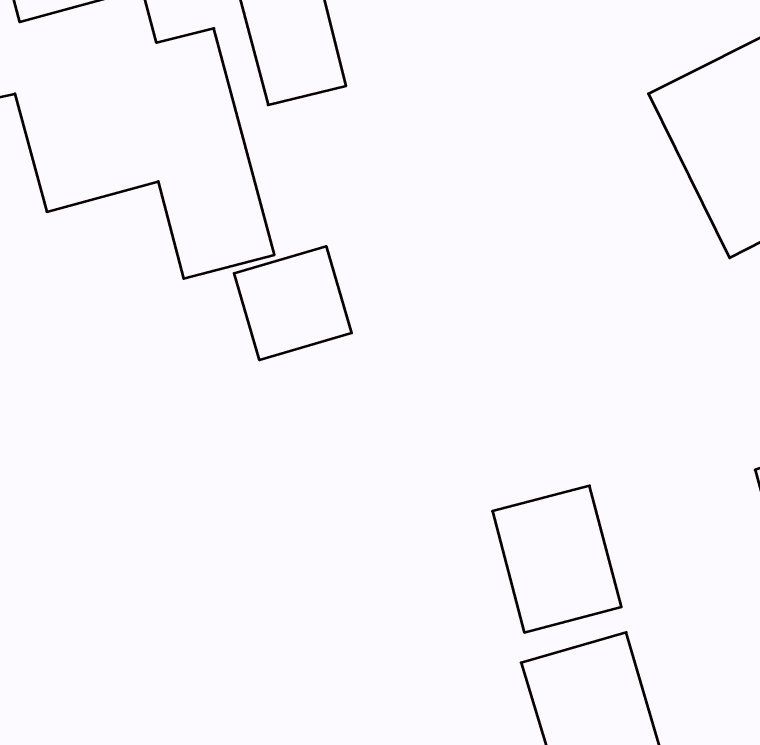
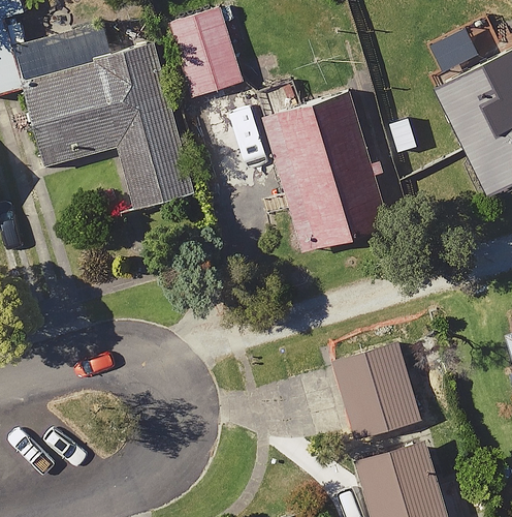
building: none -> [270,91,386,246]
building: [234,246,352,360] -> none

